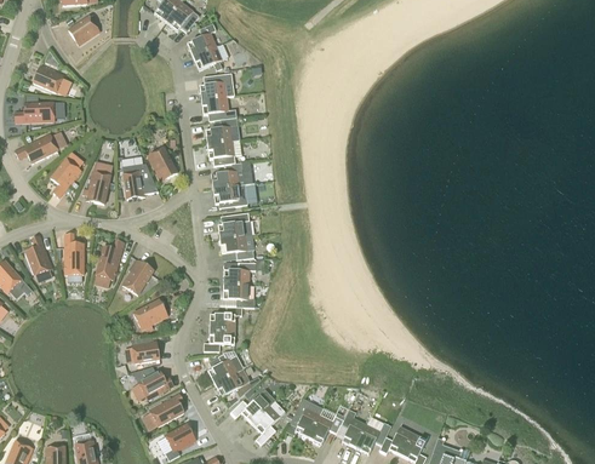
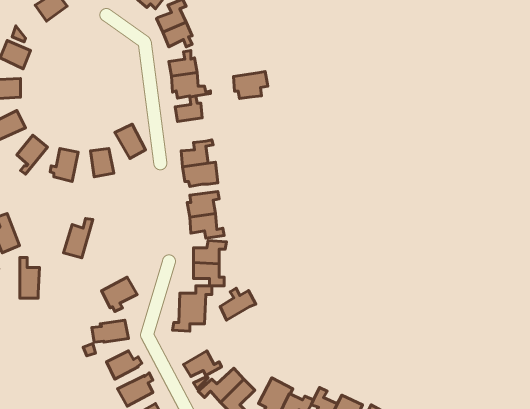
building: [208,139,242,166] -> [233,71,268,98]
building: [65,234,85,274] -> [20,258,39,298]
building: [122,259,154,294] -> none
building: [208,353,244,384] -> [220,288,256,320]

